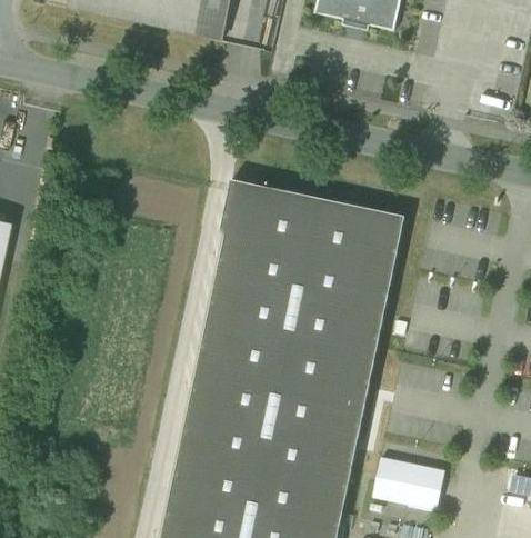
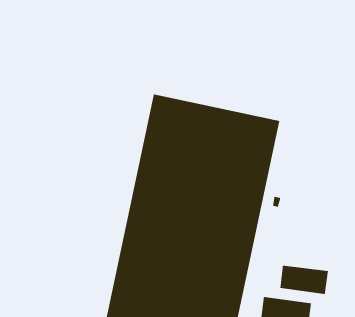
building: none -> [280,265,328,295]

